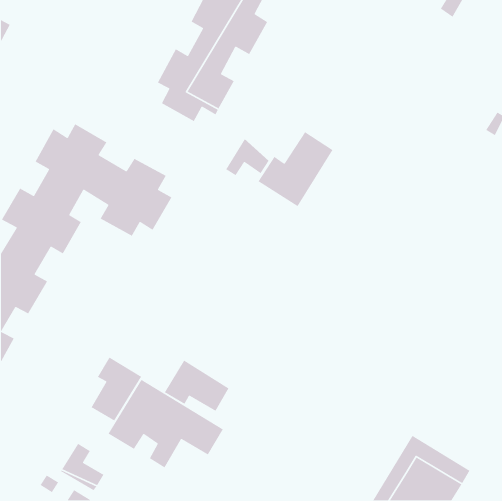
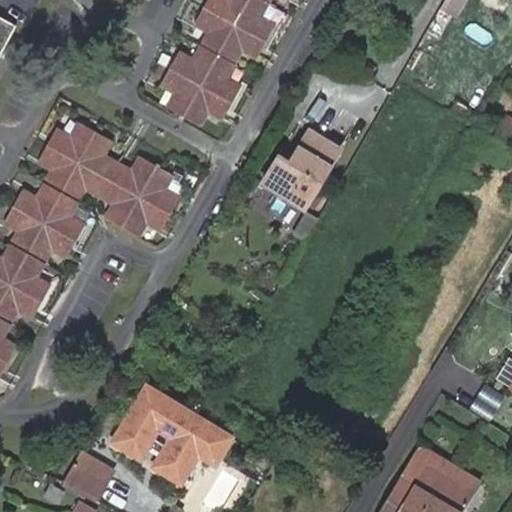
building: [225,138,269,176] -> none
building: [91,357,142,422] -> none
building: [164,360,230,412] -> none

